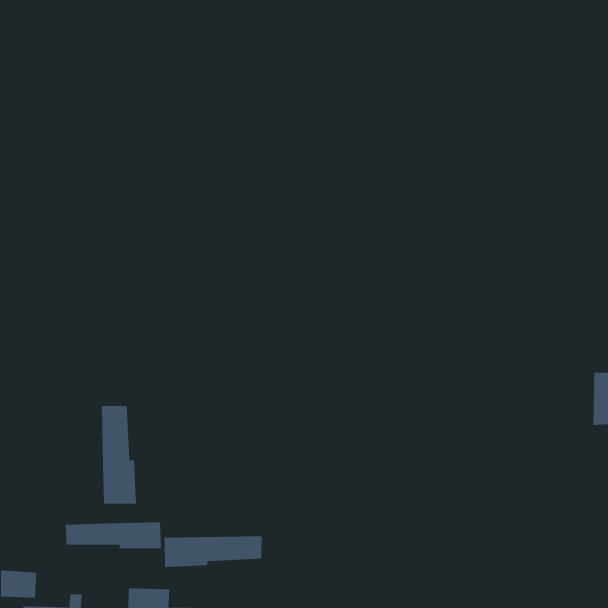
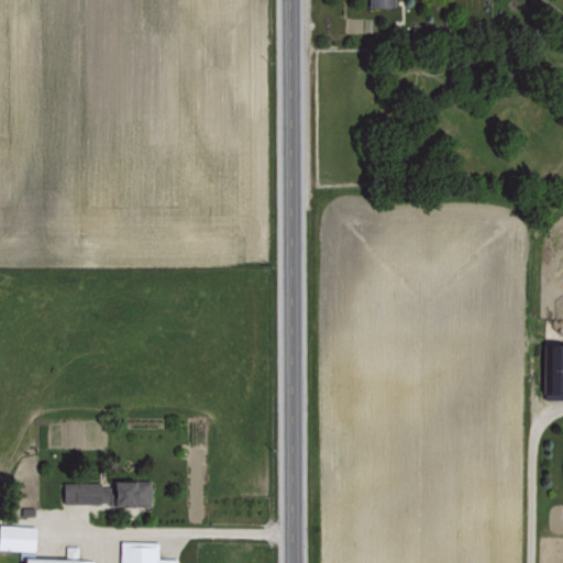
building: [101,405,137,504] -> none
building: [164,535,262,568] -> none

